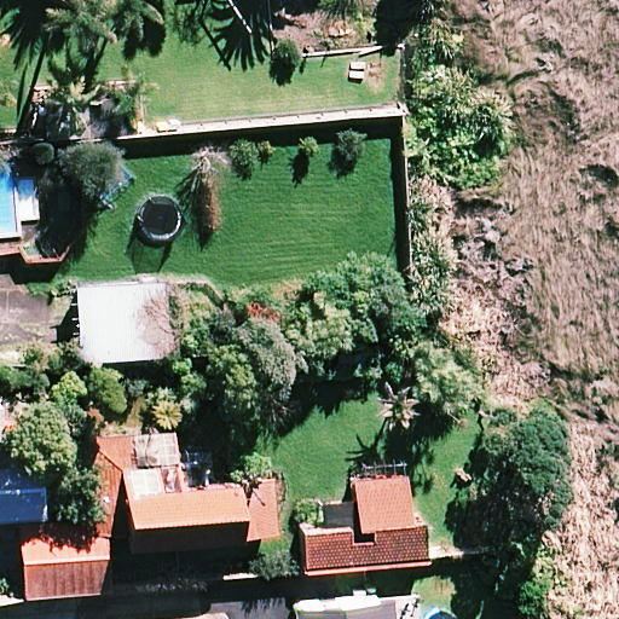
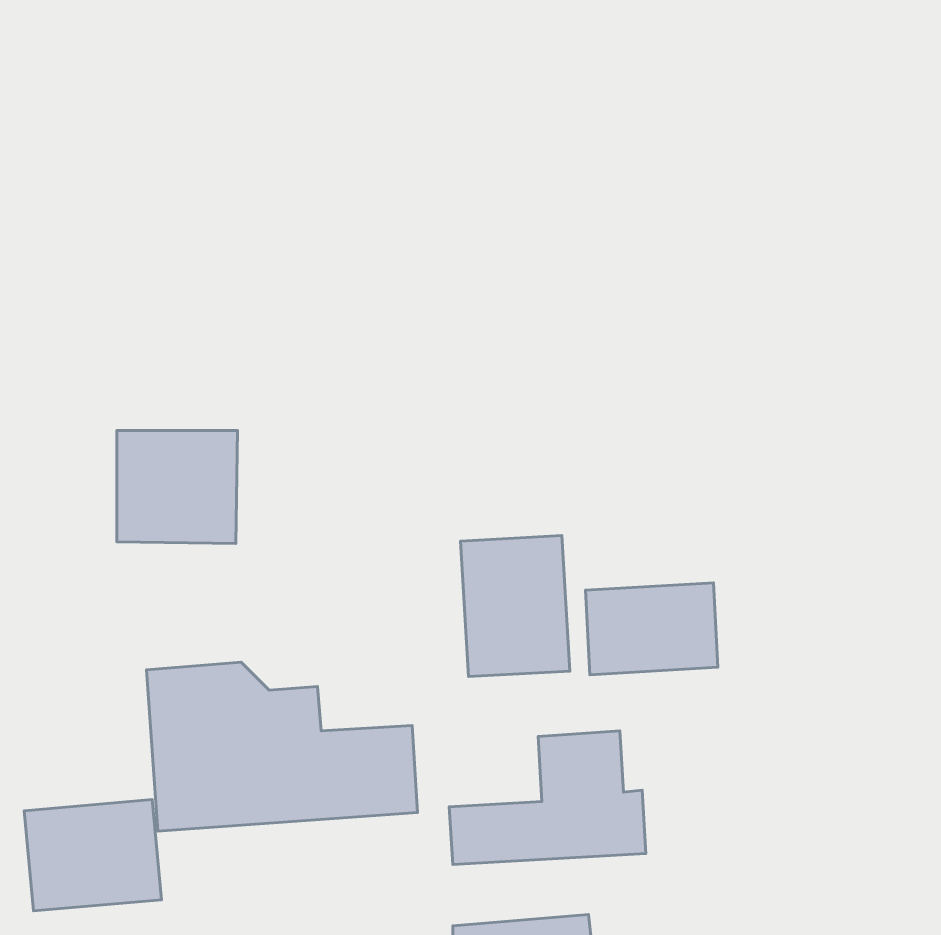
building: none -> [460,536,570,677]
building: none -> [585,583,718,675]

